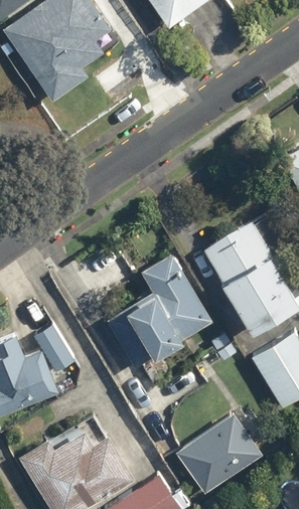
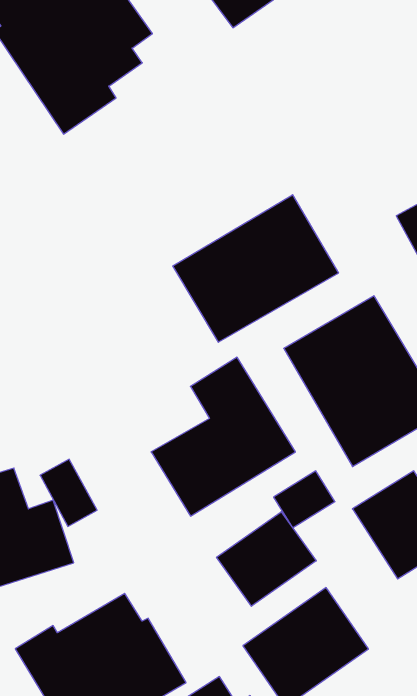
building: none -> [173,195,338,342]
building: none -> [217,512,316,606]

